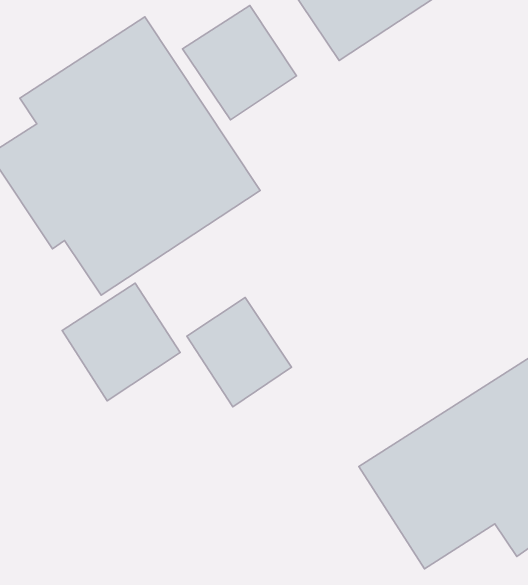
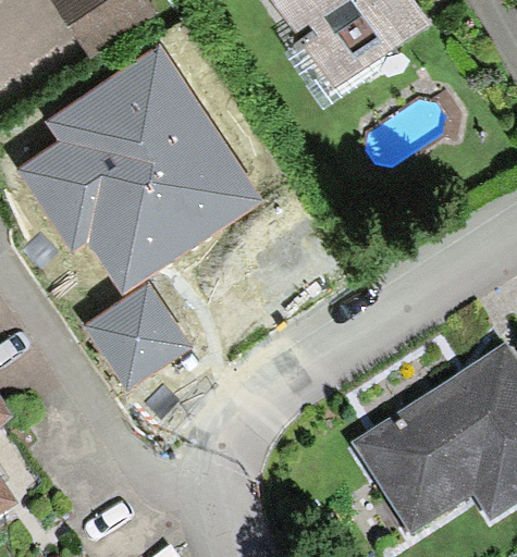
building: [183,6,297,120] -> none
building: [187,297,291,407] -> none

